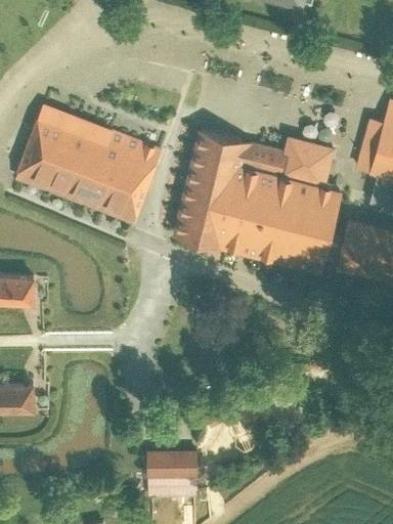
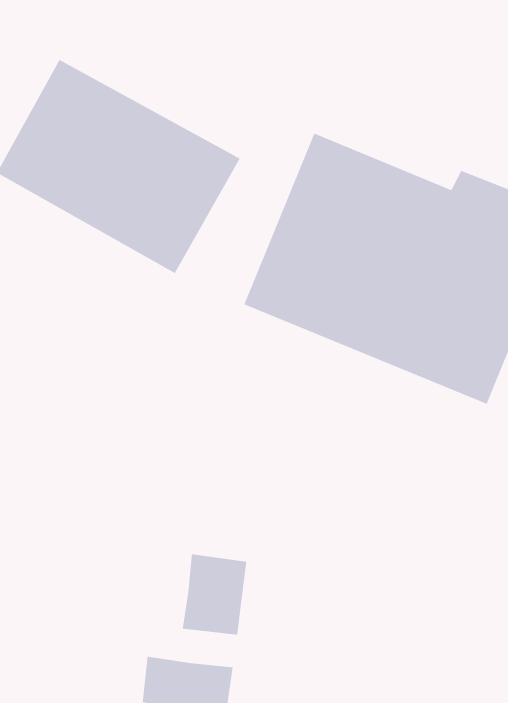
building: none -> [182,554,247,635]

